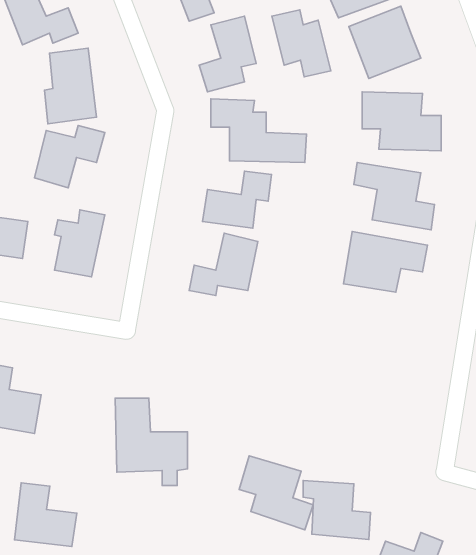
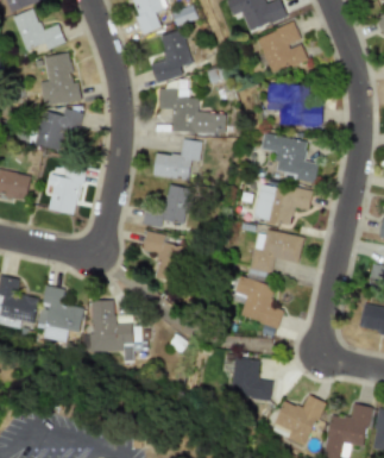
building: [272,10,331,77] -> none
building: none -> [250,228,303,272]
building: none -> [144,231,182,281]
building: [239,456,313,530] -> [232,276,284,328]
building: [15,483,77,547] -> [40,286,84,331]

